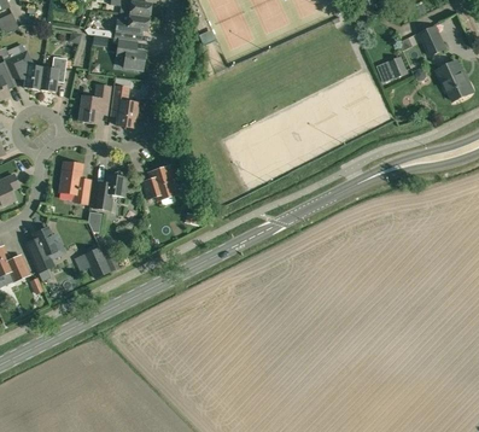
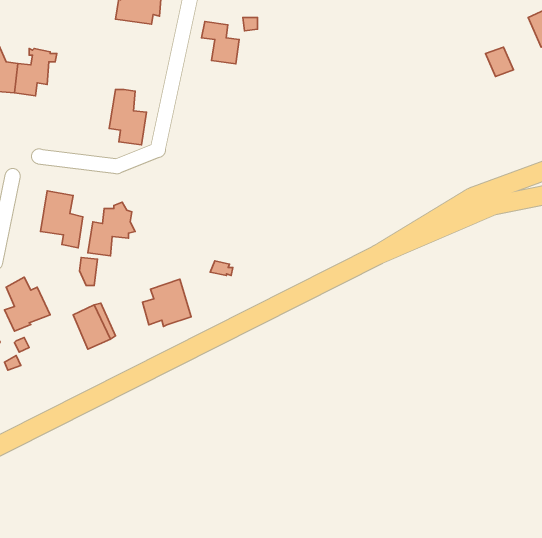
building: [117,37,145,69] -> [202,21,239,64]
building: [80,84,111,122] -> none
building: [142,164,179,199] -> [142,279,191,327]

